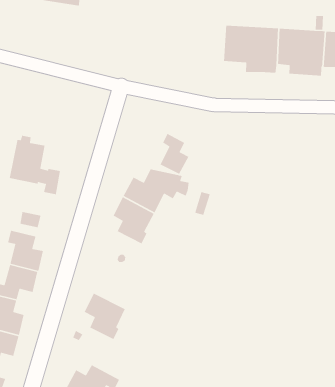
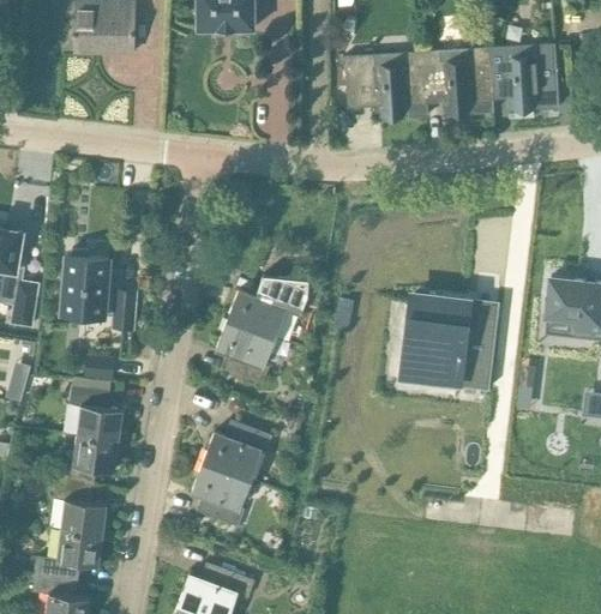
building: [160,133,189,175] -> none
building: none -> [398,290,494,380]
building: none -> [202,422,272,480]

